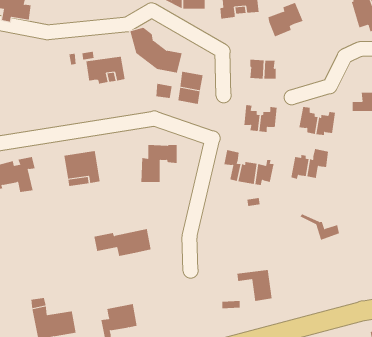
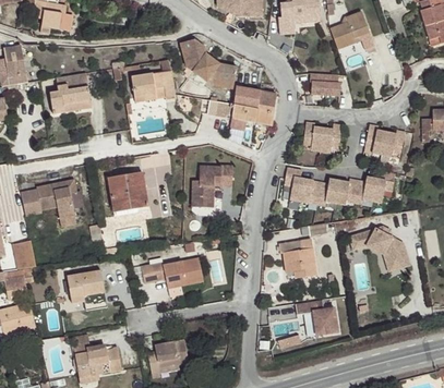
building: none -> [49,72,92,114]
building: none -> [254,90,276,125]
building: none -> [333,178,359,209]
building: none -> [347,225,406,257]
building: none -> [278,239,316,278]
building: none -> [67,269,107,310]

